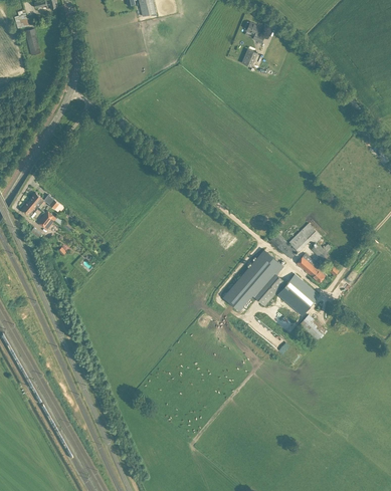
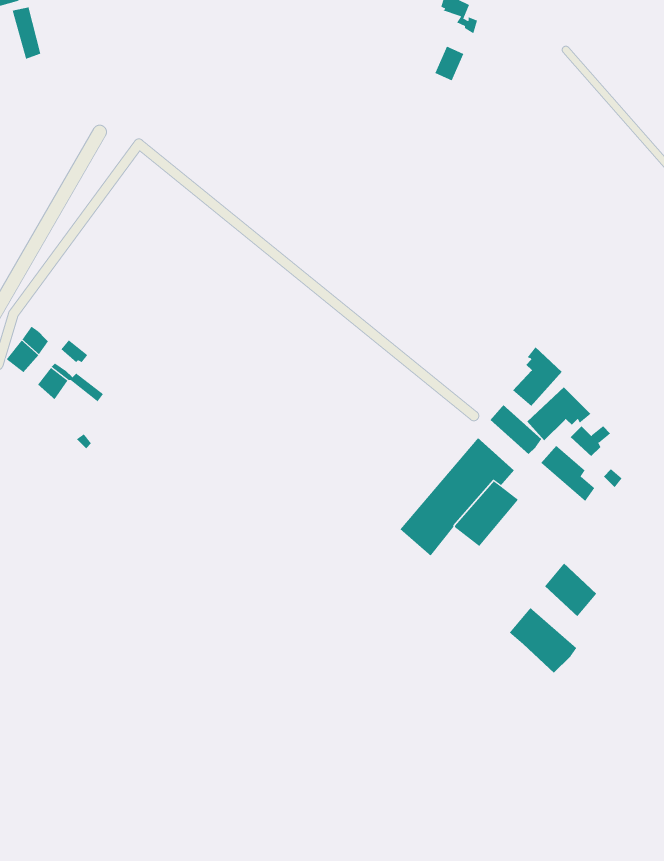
building: none -> [512,346,563,407]
building: [282,274,318,308] -> [509,607,577,674]

